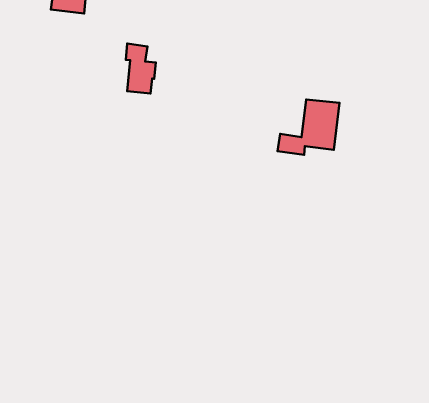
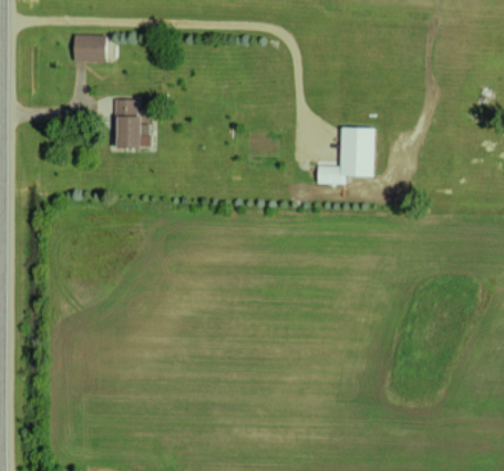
building: [126,44,156,93] -> [114,99,145,147]

